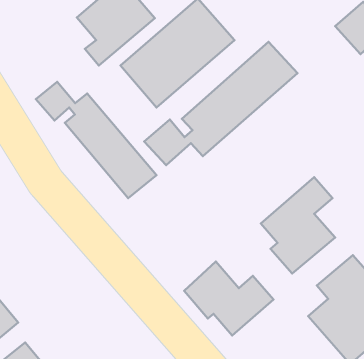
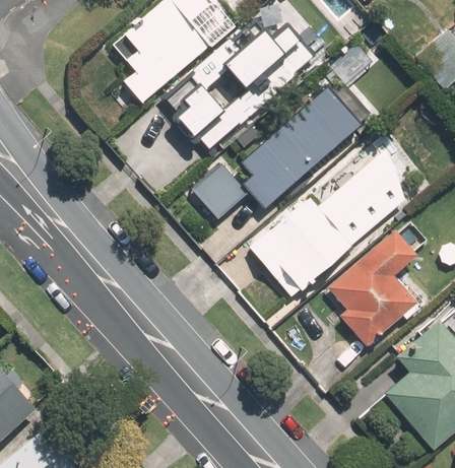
building: [36,82,156,198] -> none
building: none -> [257,152,410,292]
building: [184,261,273,335] -> none

